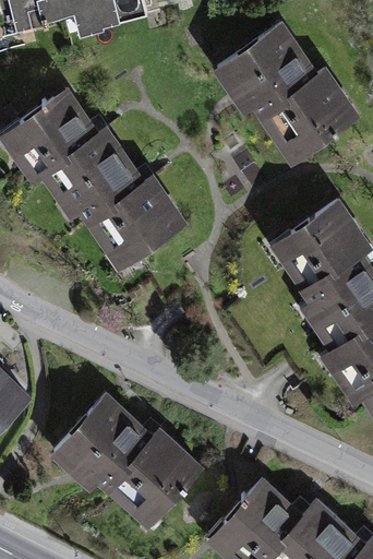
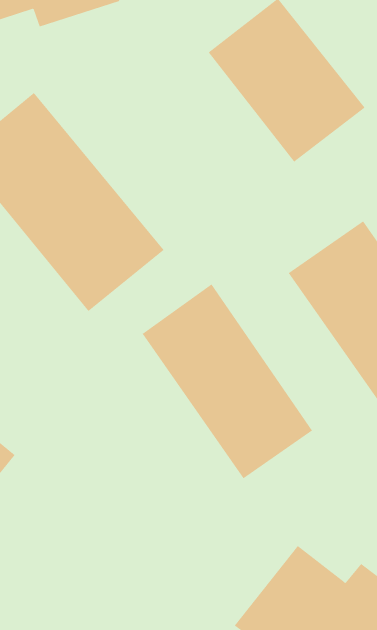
building: none -> [142,284,313,479]
building: [59,396,195,532] -> none

